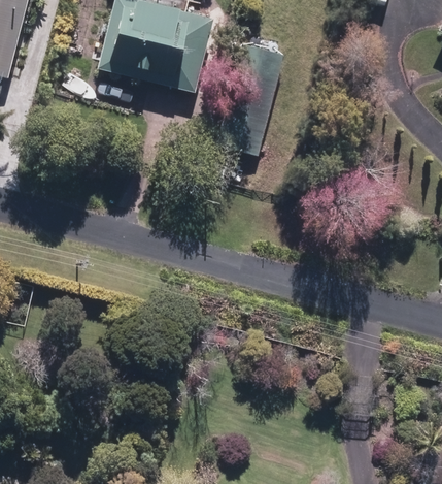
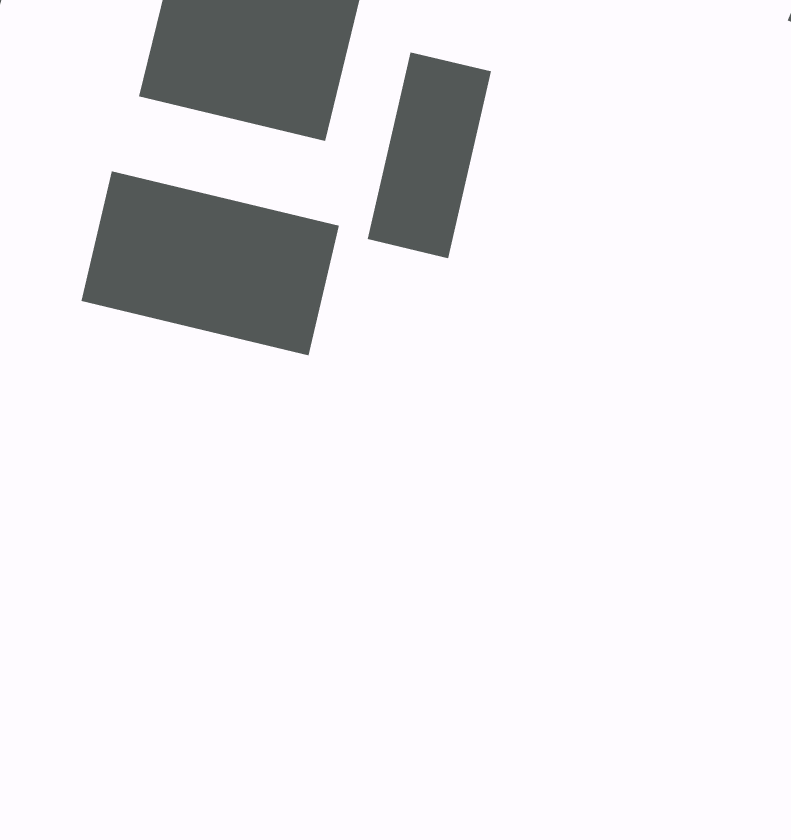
building: none -> [81,170,339,356]

